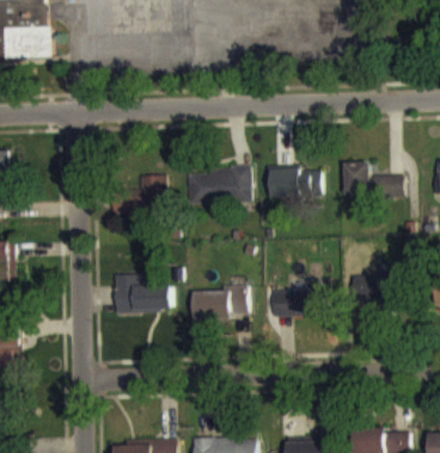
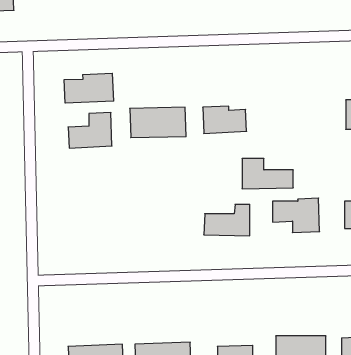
building: none -> [64,73,114,103]
building: [343,163,402,197] -> [242,159,293,189]
building: [112,275,171,312] -> none
building: [191,286,246,319] -> none

